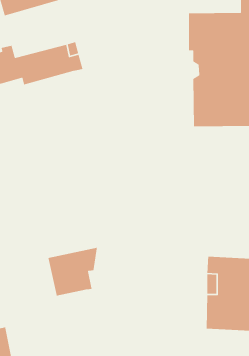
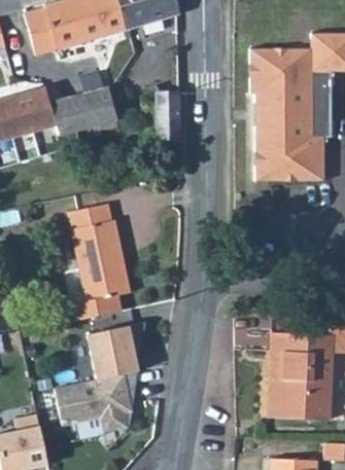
building: none -> [156,94,179,142]
building: none -> [68,204,130,320]
building: none -> [54,372,134,432]

